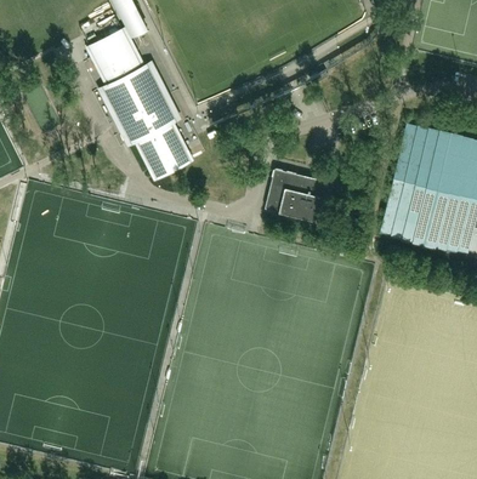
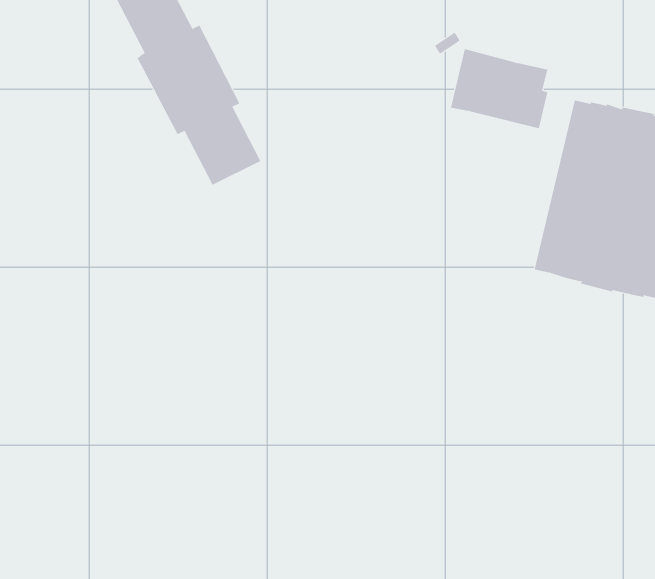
building: [265,169,333,224] -> [450,49,548,129]

